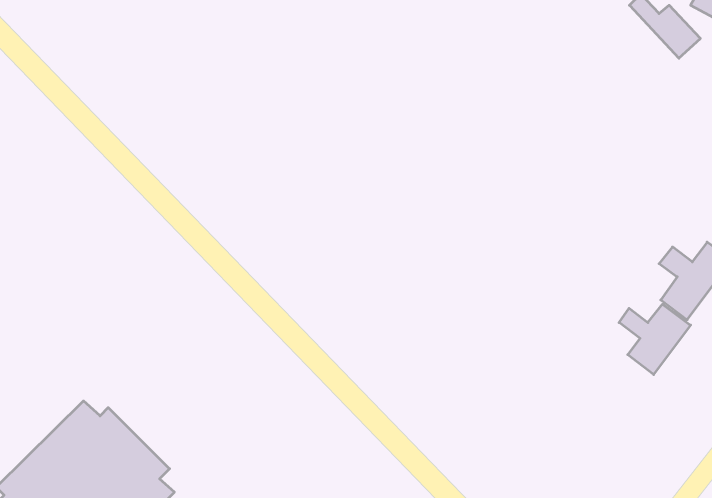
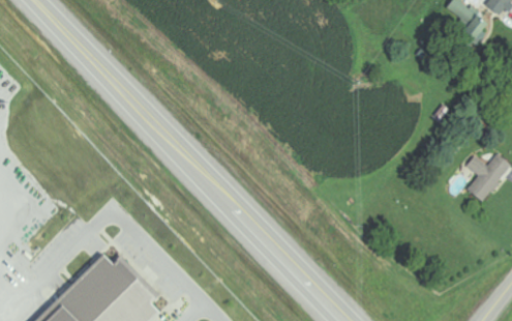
building: [619,304,691,375] -> none

